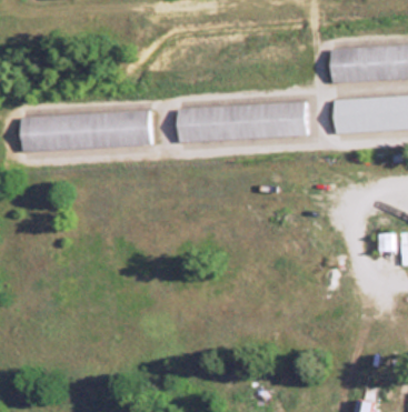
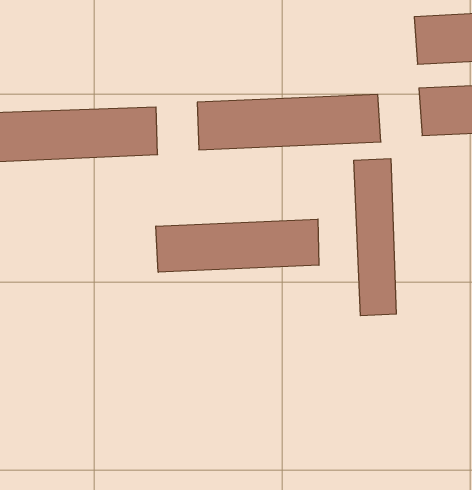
building: none -> [354,159,396,316]
building: none -> [156,219,319,272]

